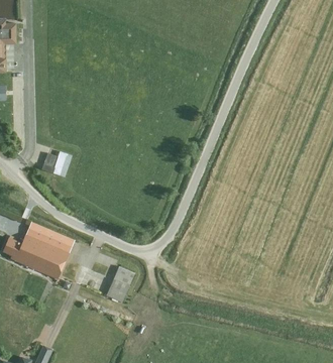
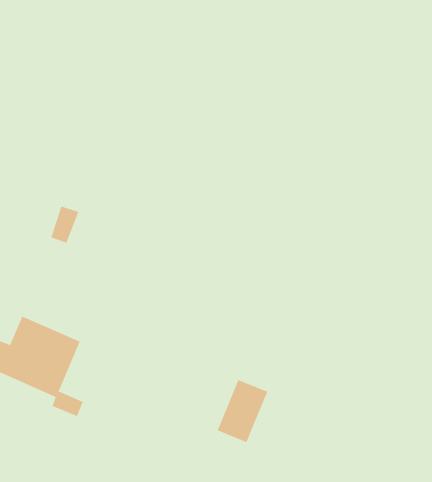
building: [102,262,136,305] -> [217,379,268,443]

